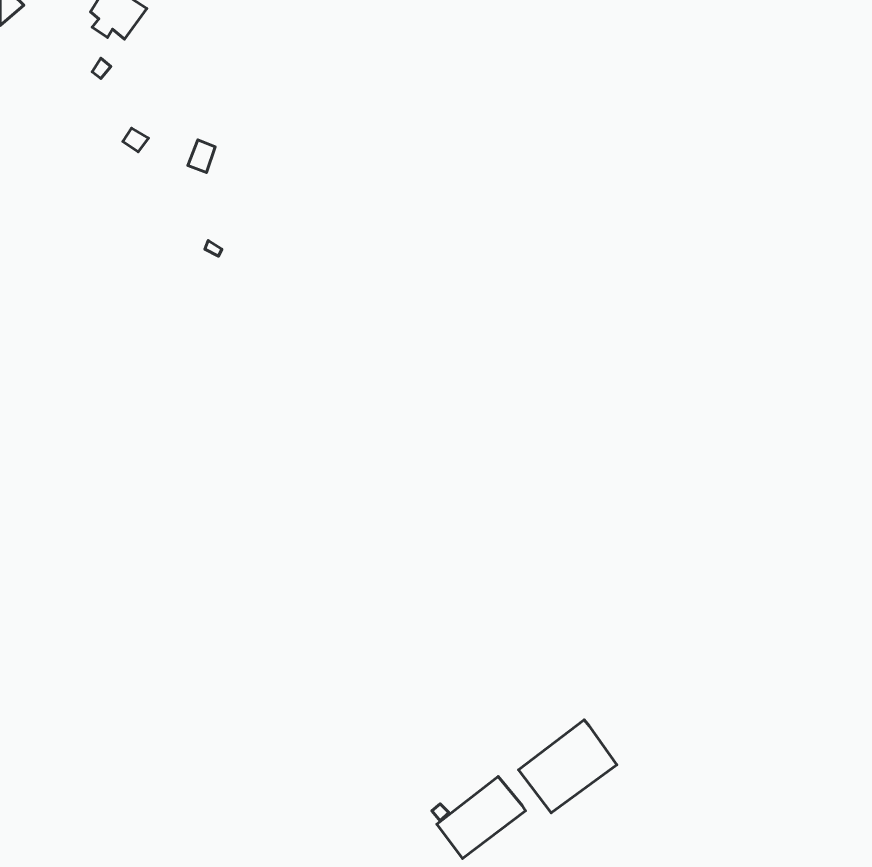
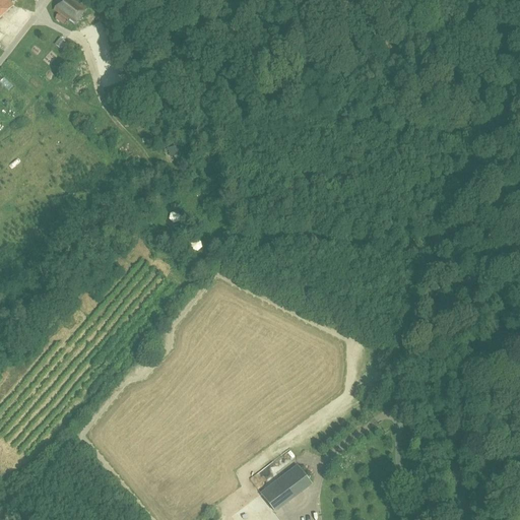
building: [519,720,617,813] -> none

